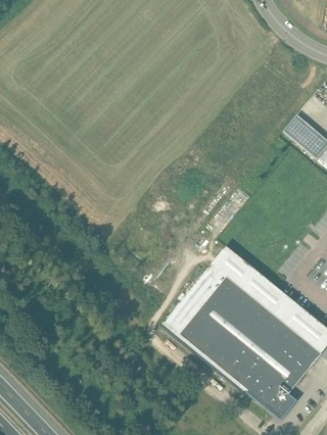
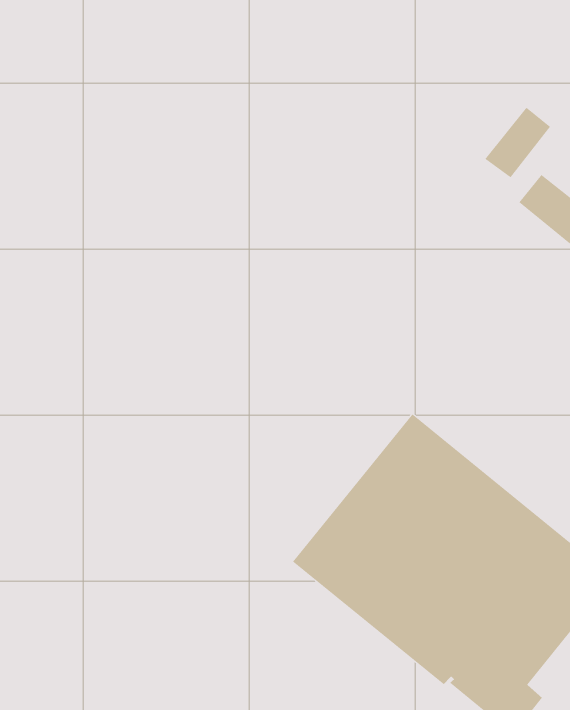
building: none -> [485,107,551,178]

